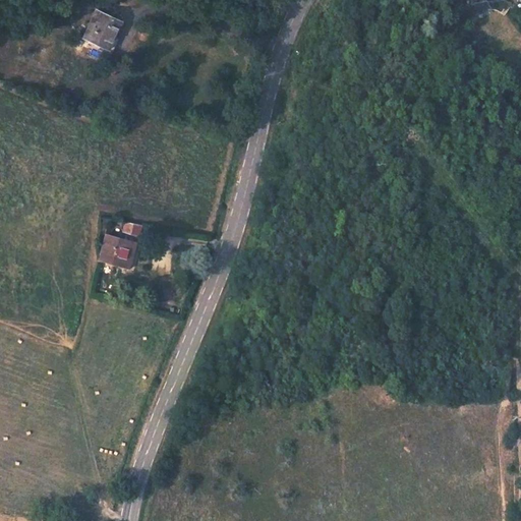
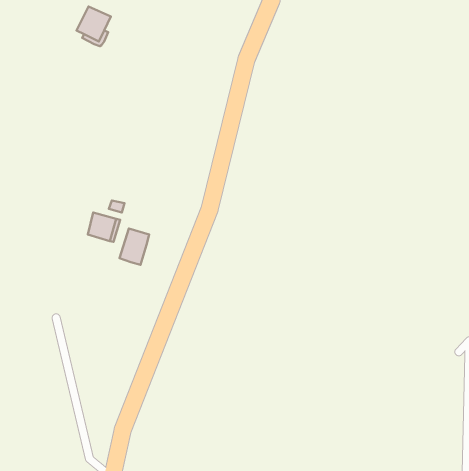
building: none -> [119,229,149,265]

